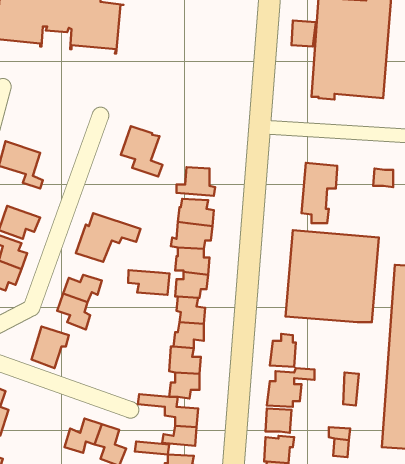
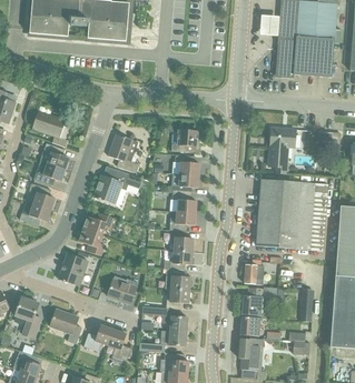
building: [121,126,162,176] -> [107,133,139,172]
building: none -> [39,142,68,169]
building: [128,270,169,295] -> none
building: none -> [107,278,137,301]
building: none -> [49,309,81,343]

